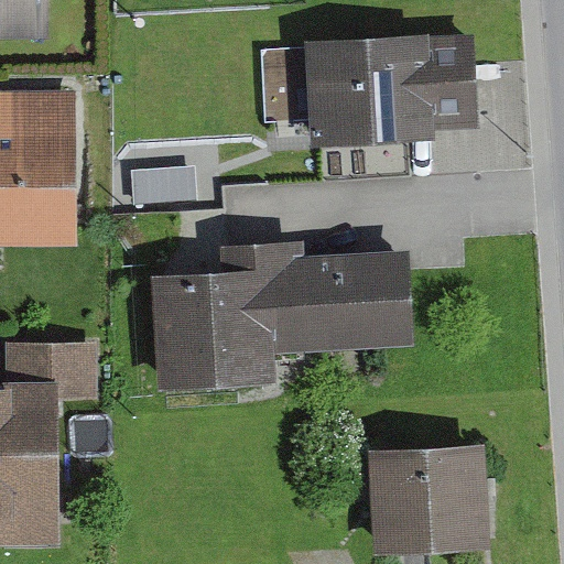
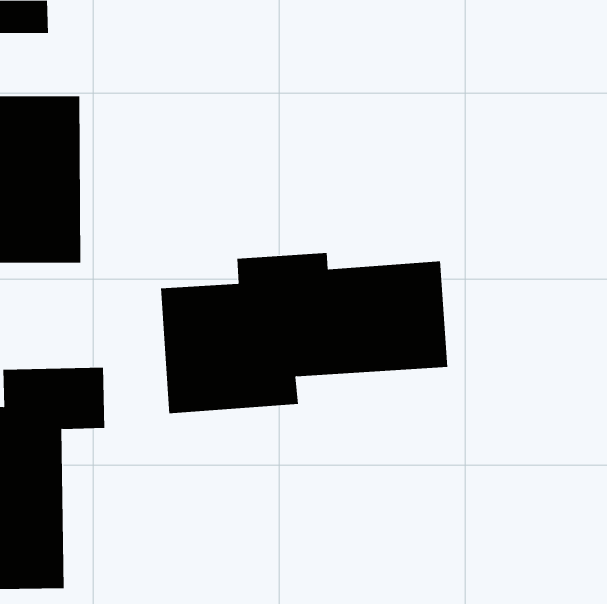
building: [303,33,477,148] -> none
building: [367,444,489,554] -> none

